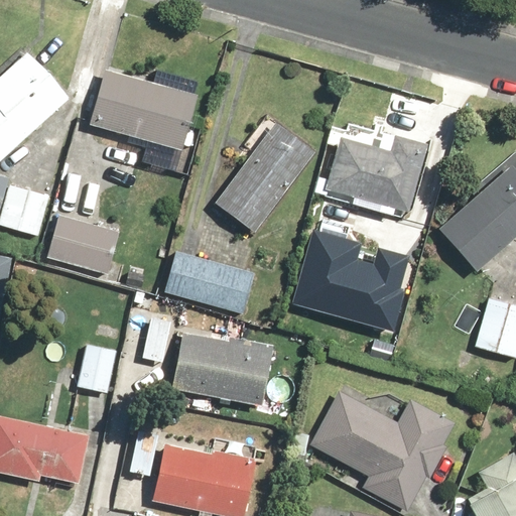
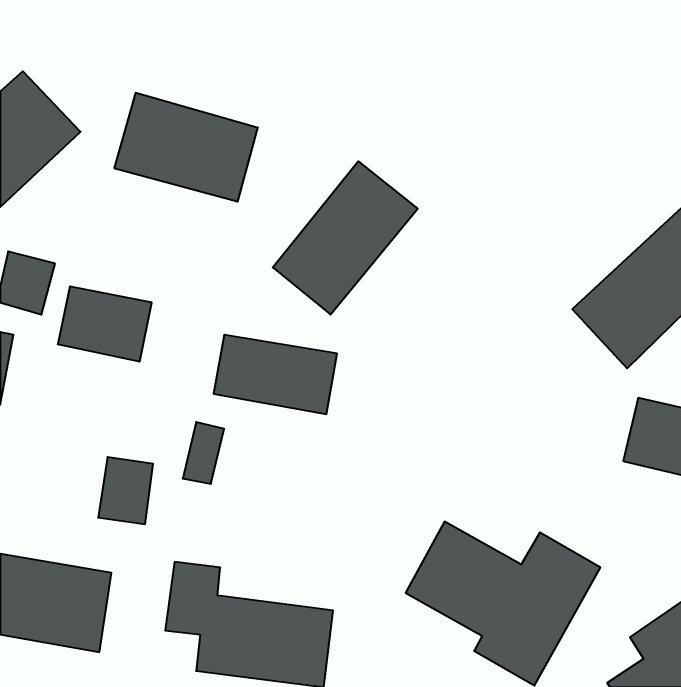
building: [320,135,426,217] -> none
building: [295,224,411,325] -> none
building: [170,328,272,405] -> none

